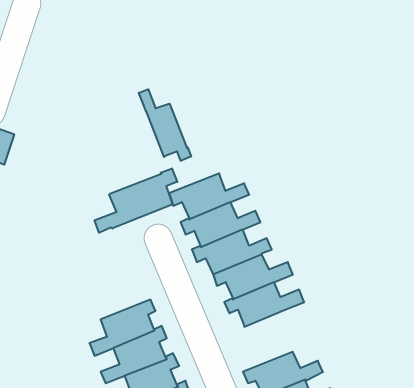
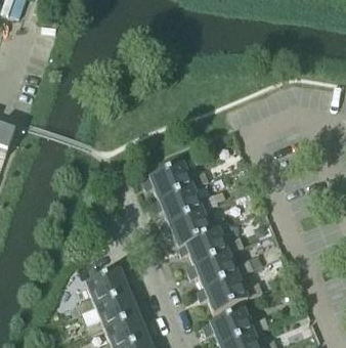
building: [139,89,191,161] -> none
building: [95,168,177,233] -> none
building: none -> [194,272,261,310]

